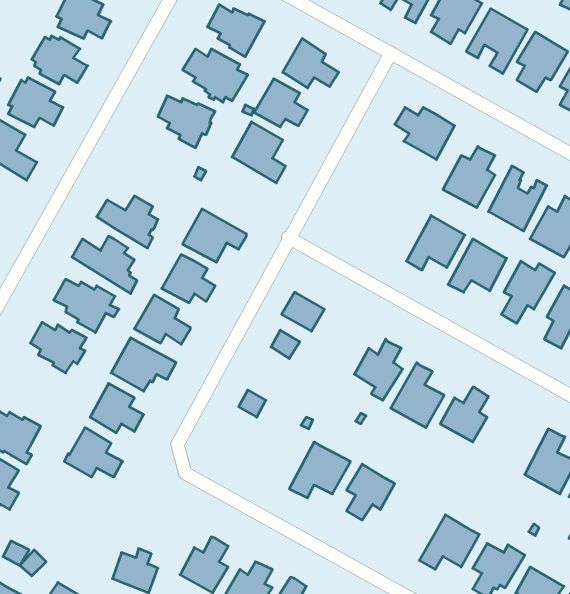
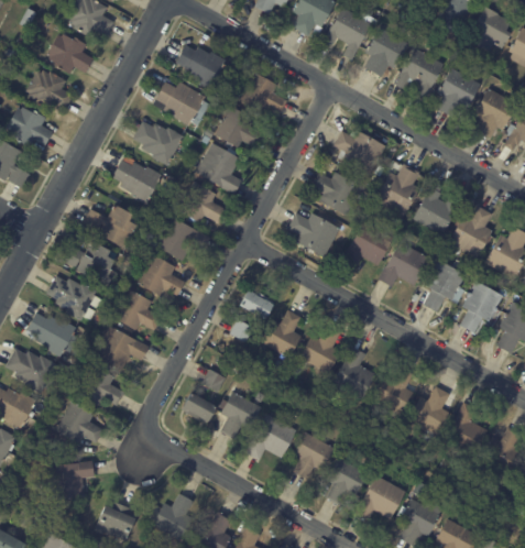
building: none -> [112,160,161,204]
building: none -> [311,172,363,216]
building: none -> [178,182,223,223]
building: none -> [288,213,340,257]
building: none -> [261,310,302,361]
building: none -> [6,349,56,394]
building: none -> [409,387,450,434]
building: none -> [221,392,261,439]
building: none -> [182,394,216,423]
building: none -> [328,458,369,506]
building: none -> [48,461,96,500]

